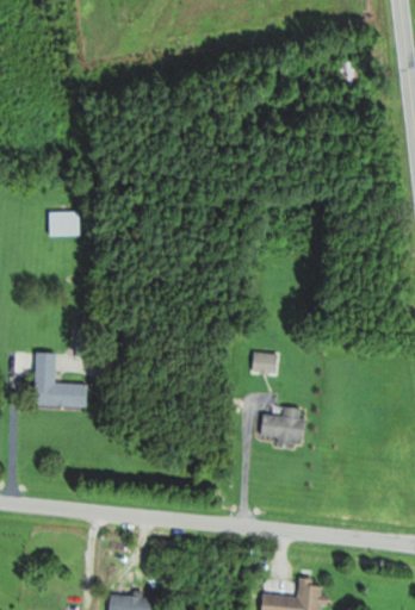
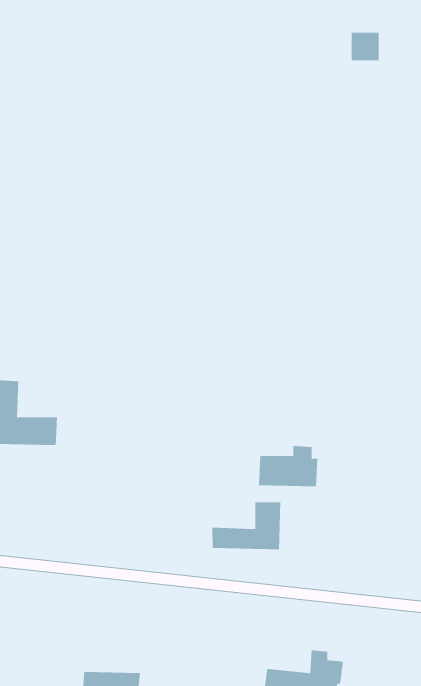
building: [49,213,79,237] -> none
building: [250,353,278,375] -> none
building: none -> [212,502,281,550]

